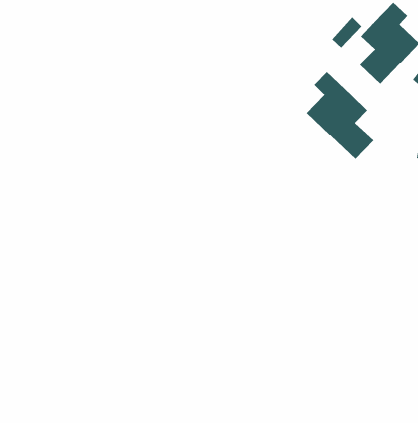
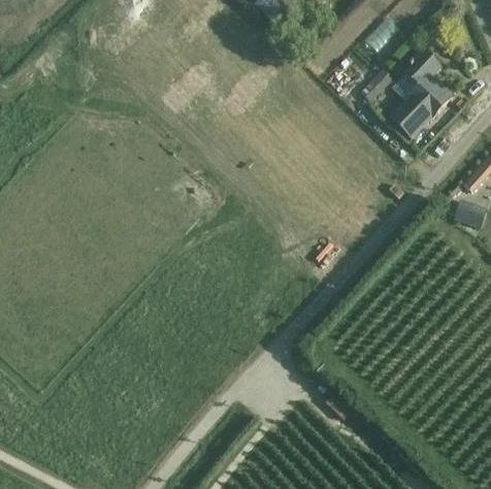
building: [306,71,374,160] -> none

